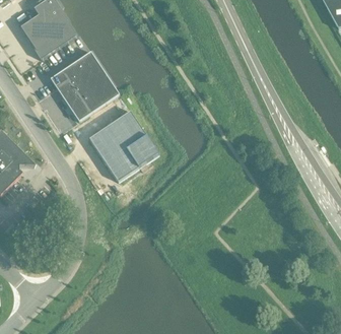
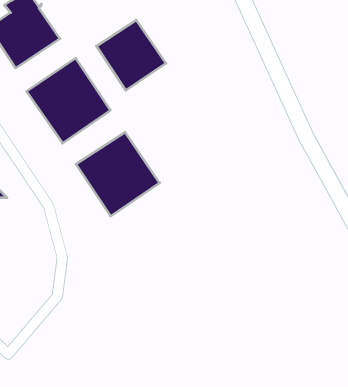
building: none -> [96,20,166,90]

